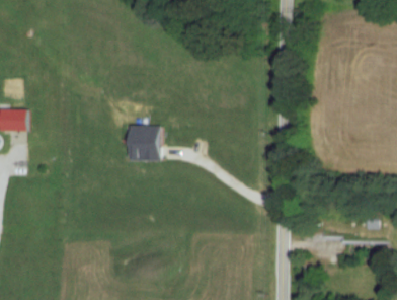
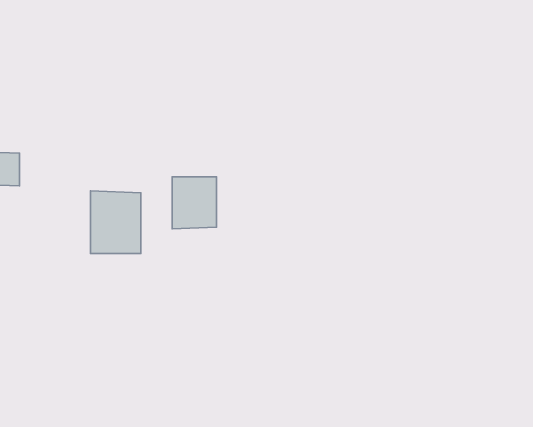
building: none -> [90,191,141,253]

